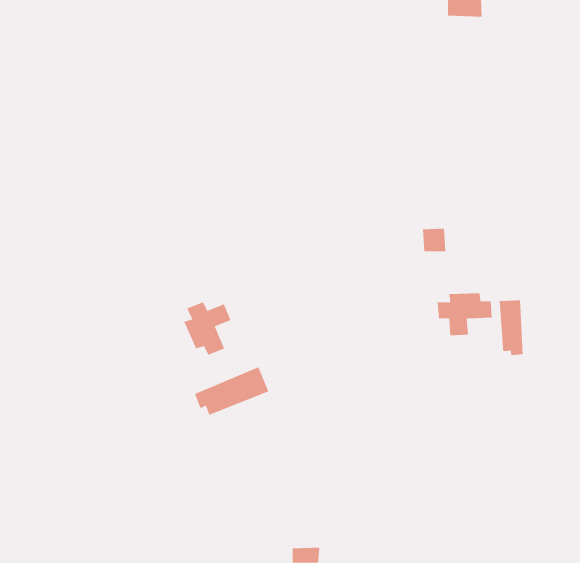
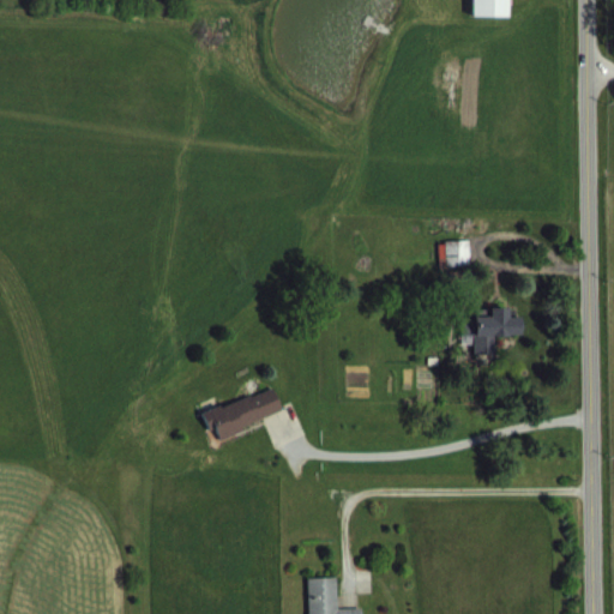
building: [499,299,523,356] -> none
building: [184,301,231,355] -> none

